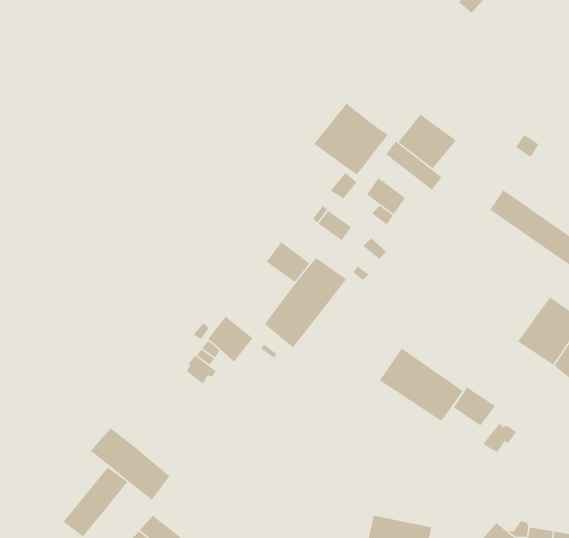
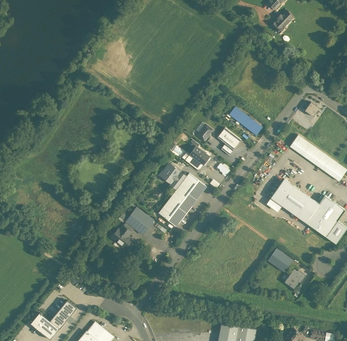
building: [313,102,388,176] -> none
building: [398,113,457,170] -> none
building: [379,347,464,422] -> [269,180,318,223]
building: [90,427,171,501] -> none

